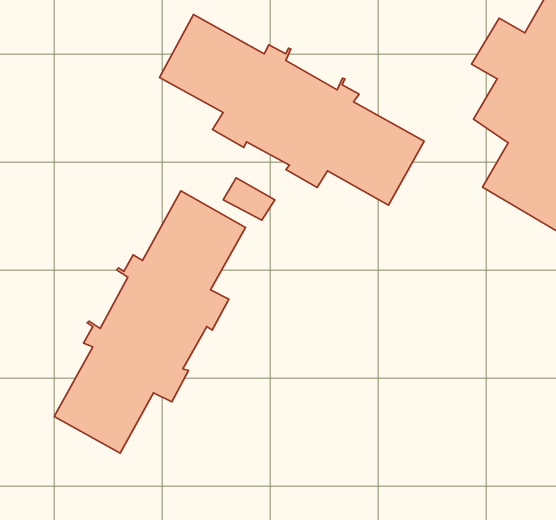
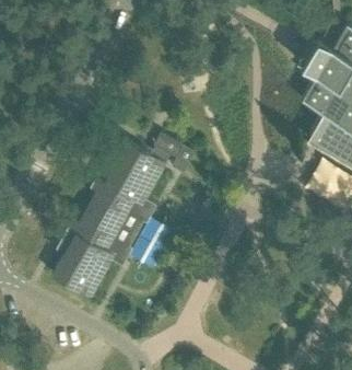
building: [159,14,424,205] -> none

